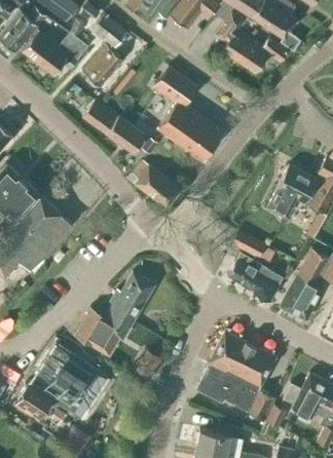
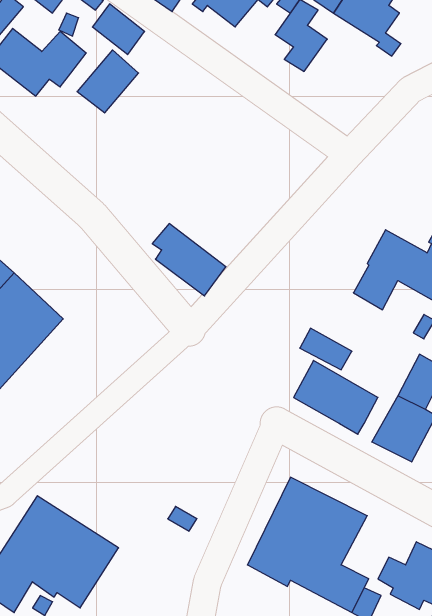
building: [234,38,288,74] -> none
building: [154,67,222,160] -> none
building: [83,101,157,154] -> none
building: [75,272,154,353] -> none

